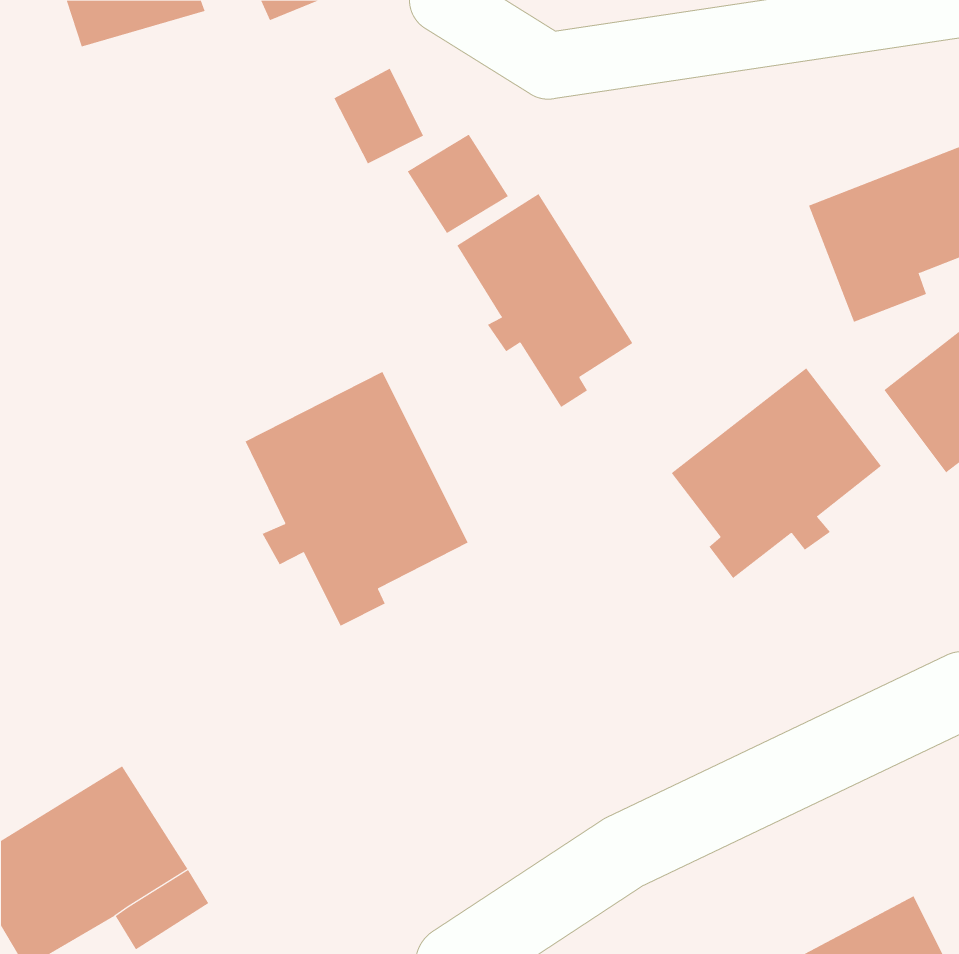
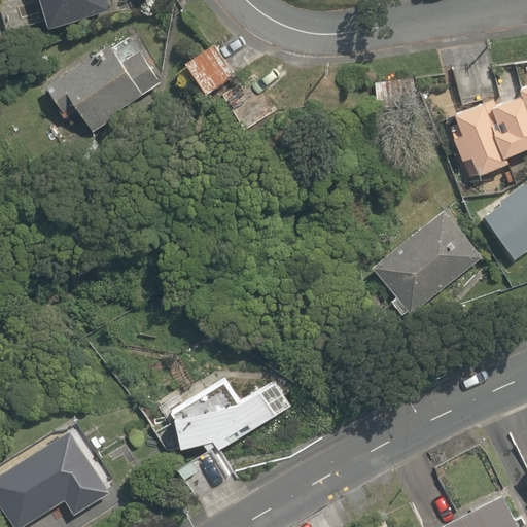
building: none -> [43,45,157,133]
building: [457,193,633,408] -> none
building: [245,371,468,627] -> none
building: none -> [163,375,295,451]

